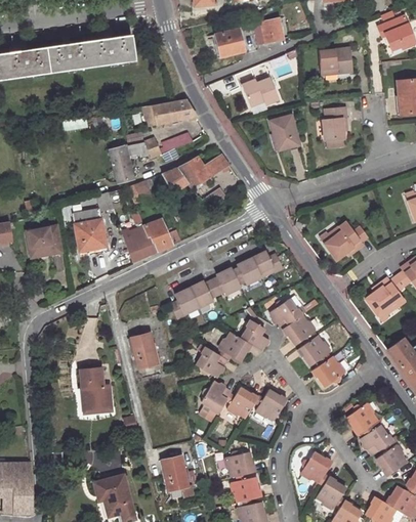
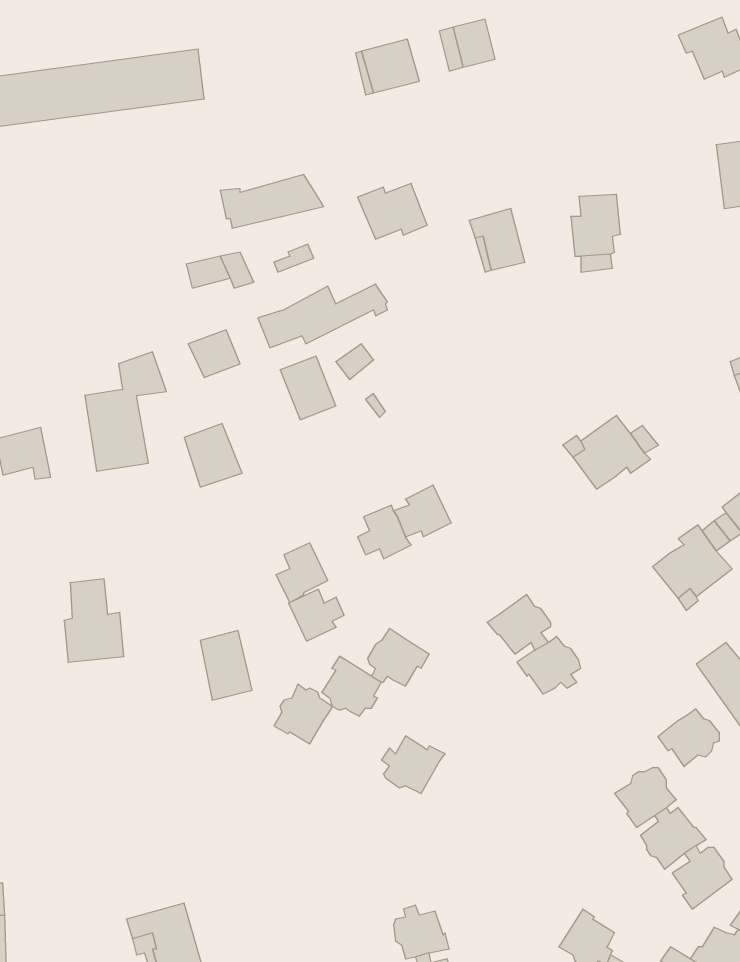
building: [319,49,351,75] -> none
building: [244,80,280,108] -> [357,183,427,239]
building: [111,144,132,179] -> none
building: [143,219,172,252] -> [280,356,336,420]
building: [252,252,283,277] -> none
building: [189,280,217,307] -> [288,589,344,641]
building: [268,299,300,324] -> none
building: [239,319,267,350] -> none
building: [310,356,342,386] -> [658,709,720,767]
building: [82,366,113,409] -> [64,579,124,662]
building: [200,381,230,411] -> [274,684,332,744]
building: [255,390,286,420] -> none
building: [224,452,254,477] -> none
building: [302,452,331,480] -> none
building: [163,455,194,496] -> none

